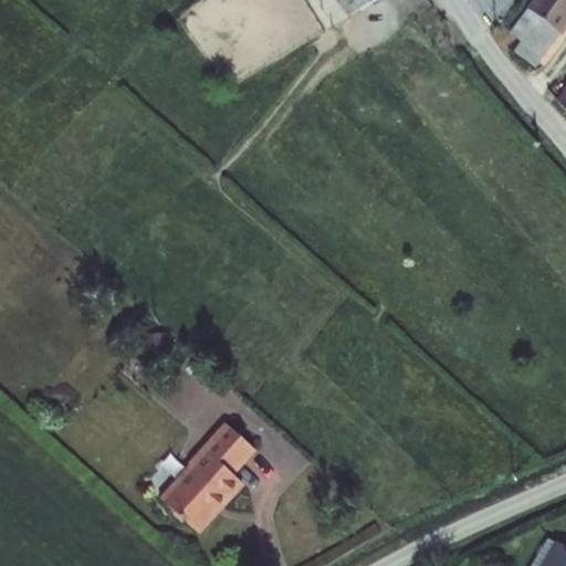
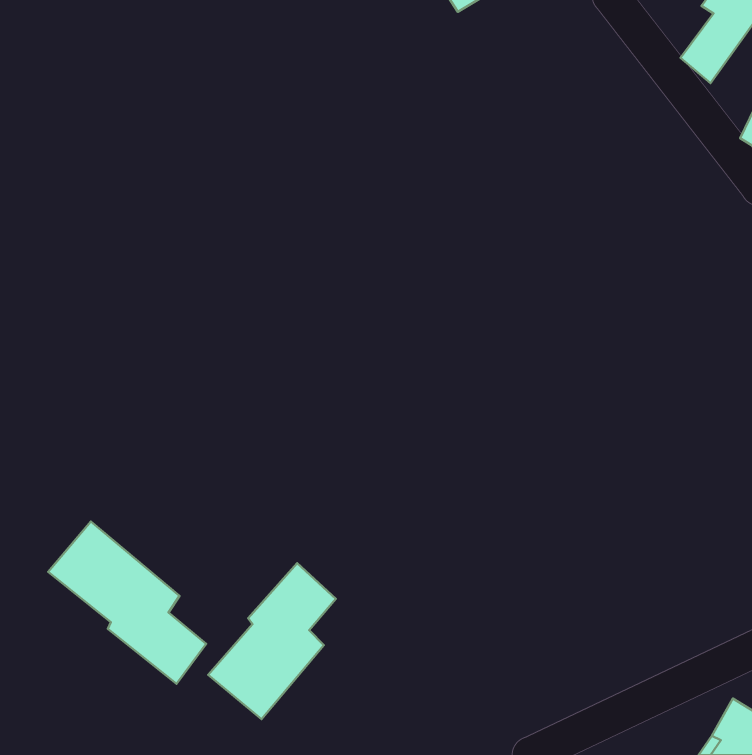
building: none -> [48,522,206,684]

